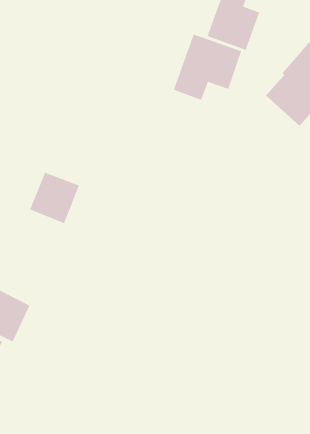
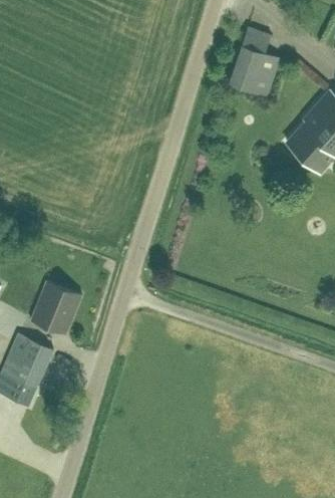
building: [173,33,242,101] -> none
building: [29,171,81,224] -> [30,281,81,333]

